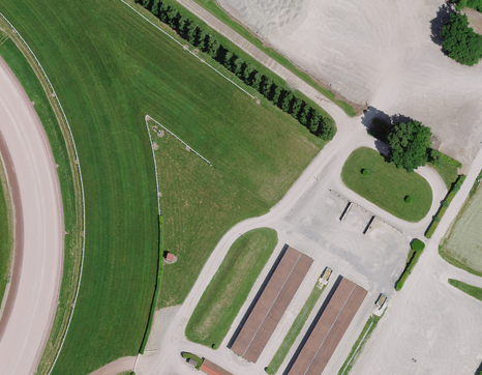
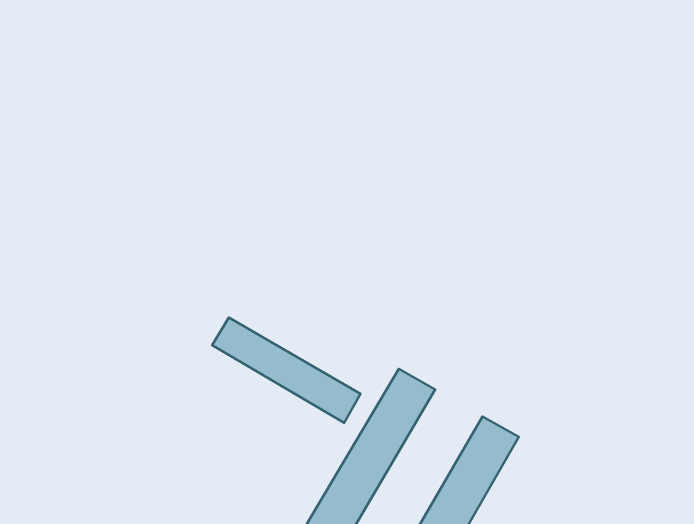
building: none -> [212,318,360,423]

